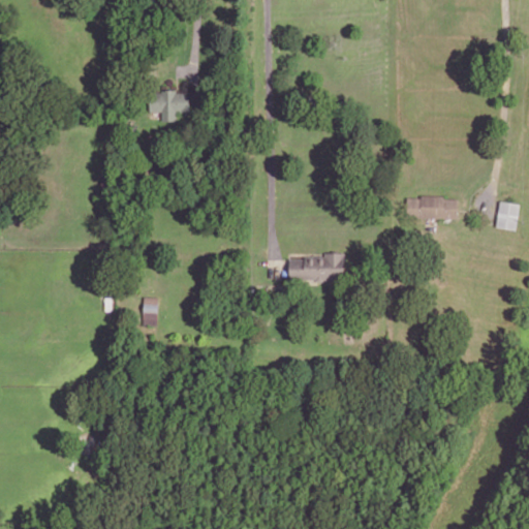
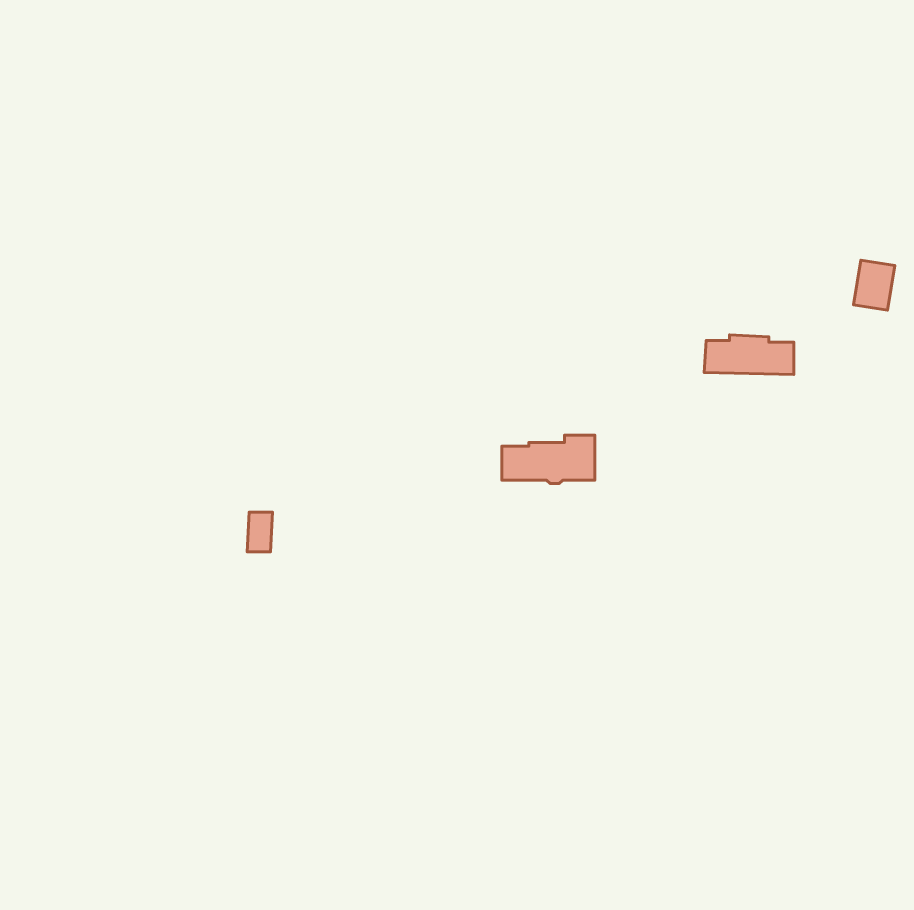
building: [149,91,188,121] -> none
building: [496,201,520,230] -> [854,260,895,310]

